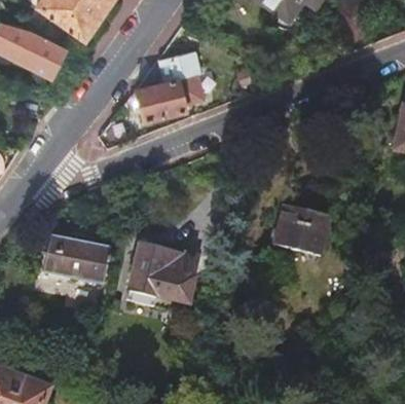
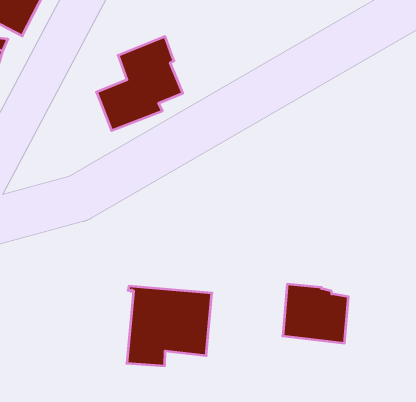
building: [274,204,329,255] -> [283,284,348,343]
building: [43,236,112,285] -> none

